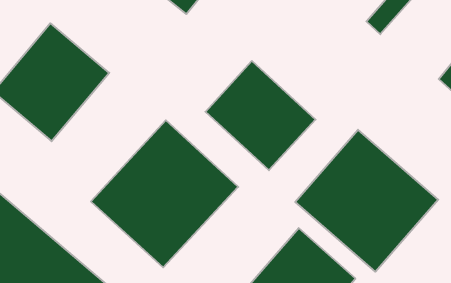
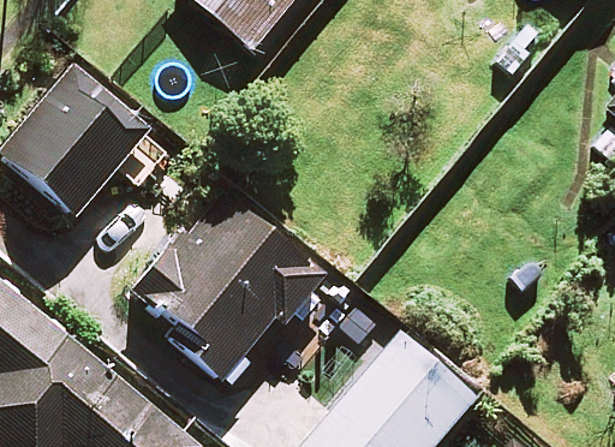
building: [205,61,316,170] -> none
building: [295,130,438,272] -> none

